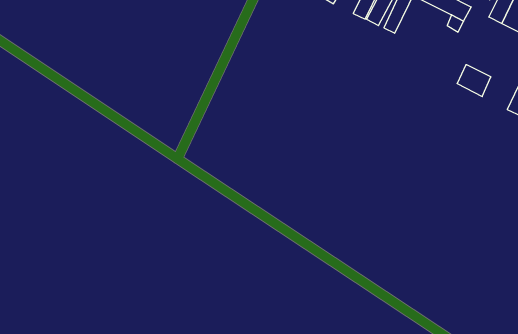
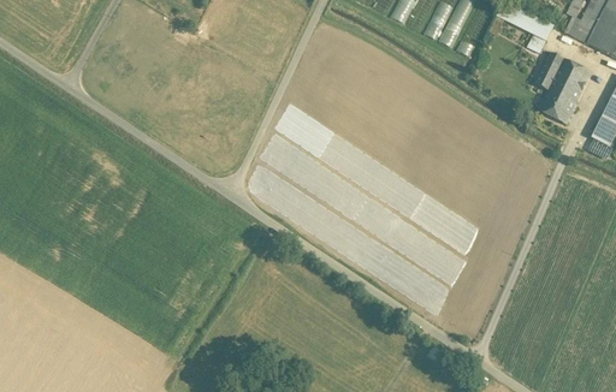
building: none -> [535,52,591,102]

